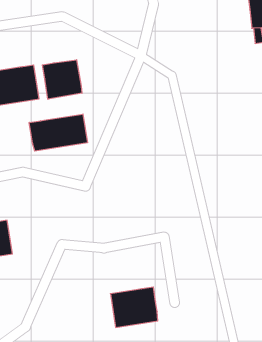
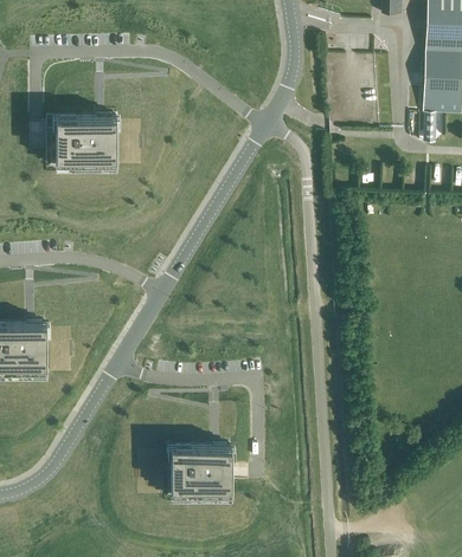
building: [42,60,82,99] -> none
building: [29,114,87,151] -> none

